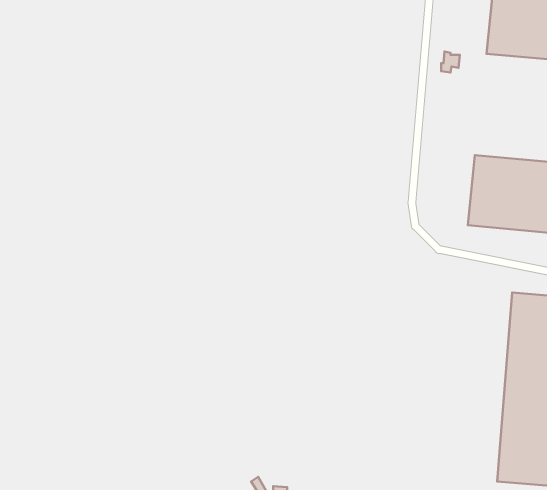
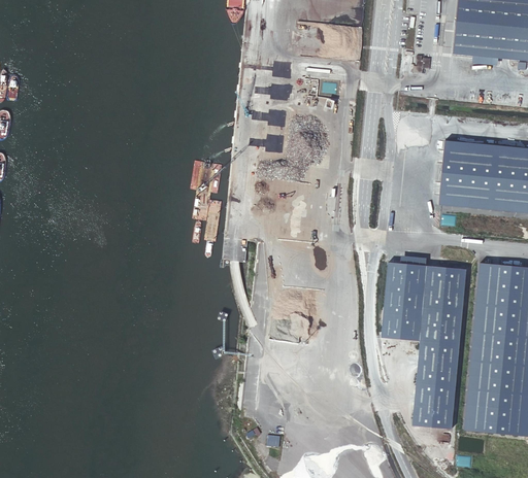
building: none -> [387,263,466,425]

